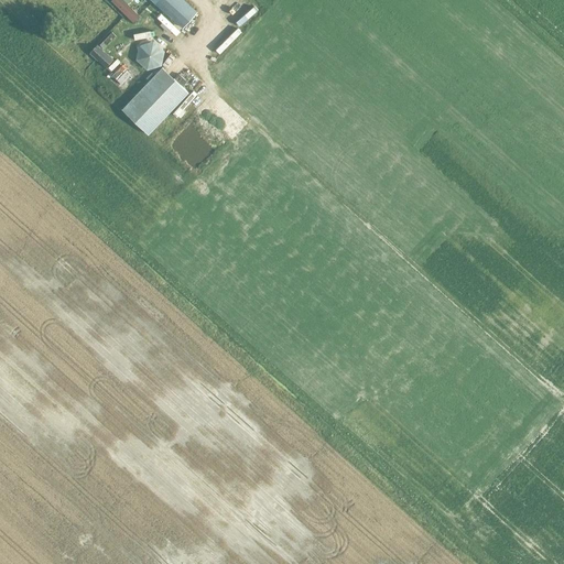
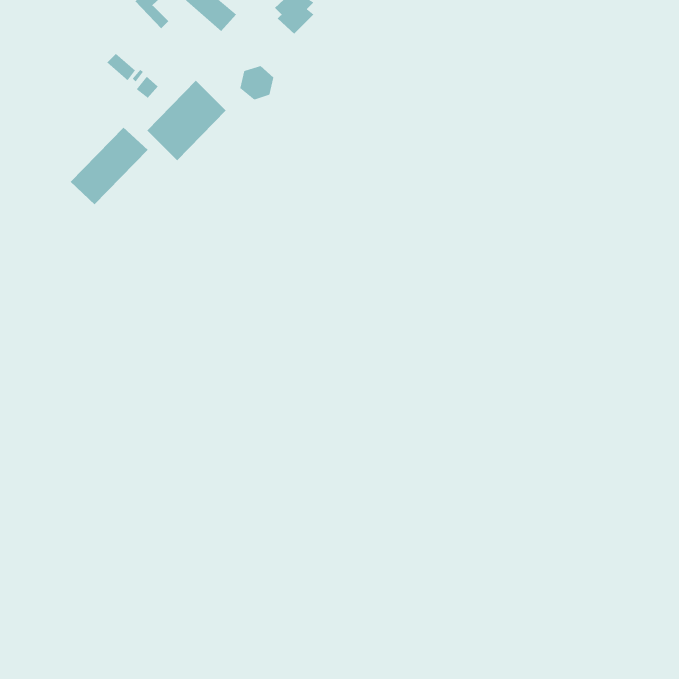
building: [134,41,163,69] -> [240,65,274,100]
building: none -> [70,127,148,205]

